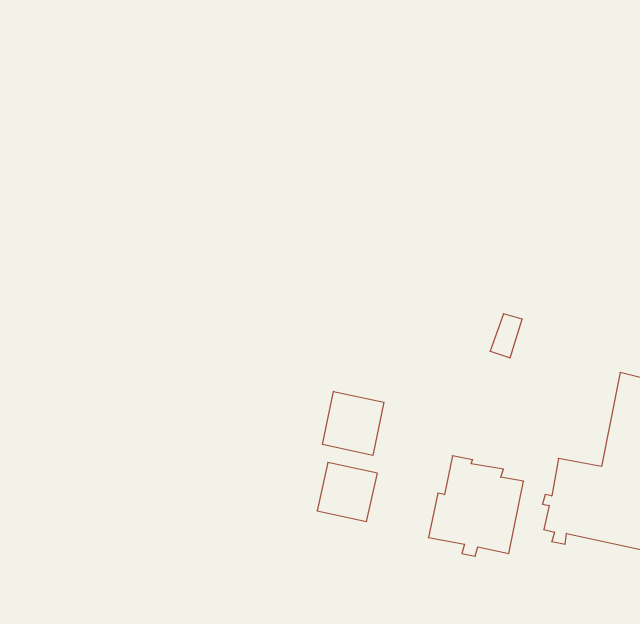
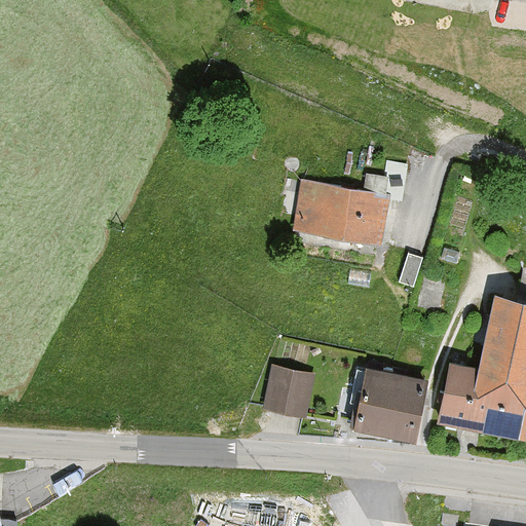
building: none -> [296,162,406,245]
building: [322,391,384,455] -> none

